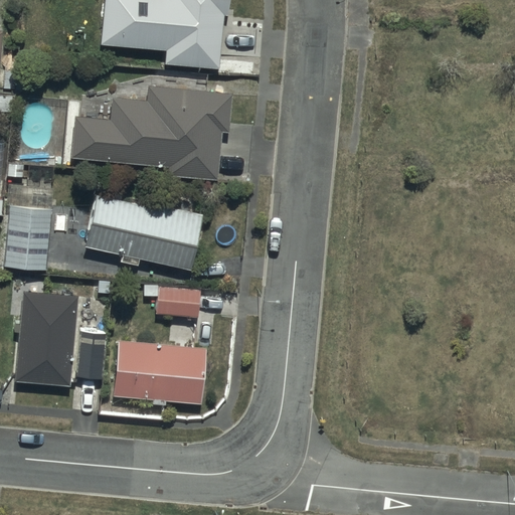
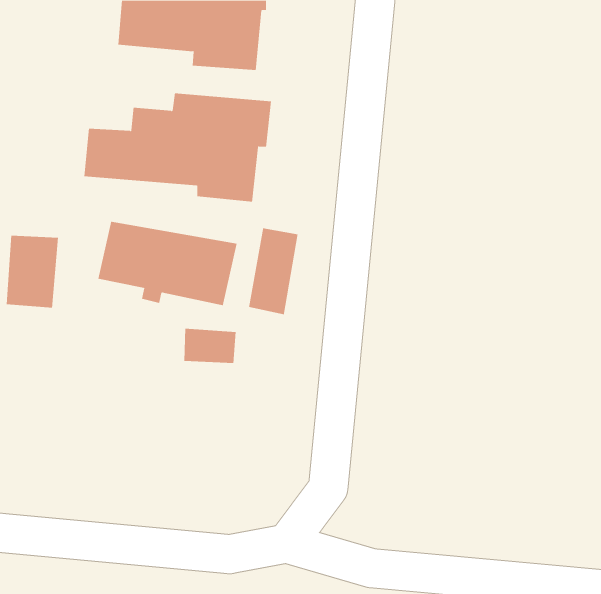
building: none -> [249,228,298,315]
building: [15,292,94,384] -> none
building: [114,340,208,403] -> none

